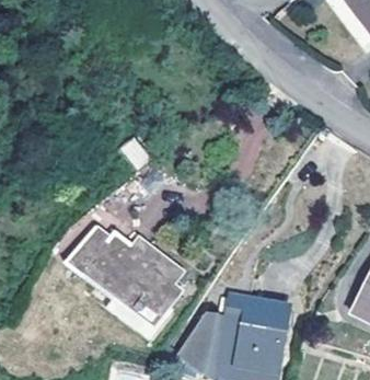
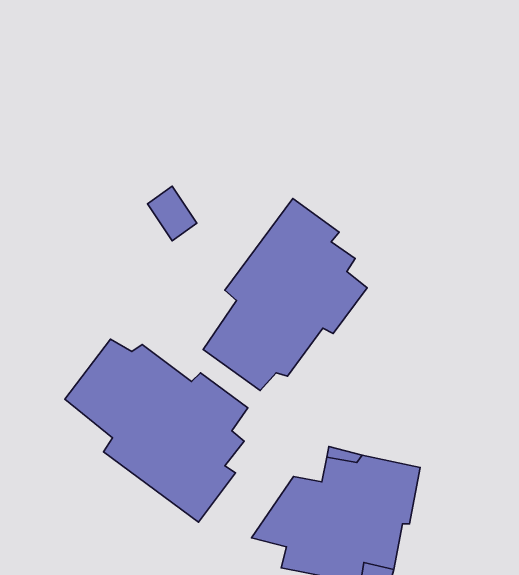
building: none -> [203,198,367,390]

